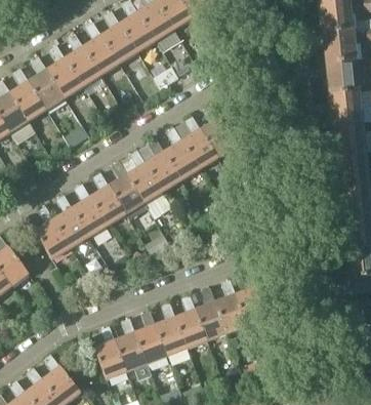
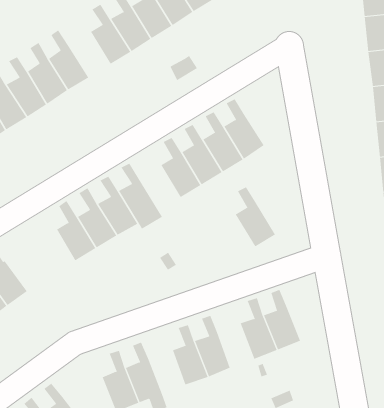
building: [66,34,101,87] -> none
building: [127,151,163,204] -> [235,186,276,247]
building: [35,206,71,260] -> none
building: [196,288,228,341] -> none
building: [135,311,167,365] -> none

